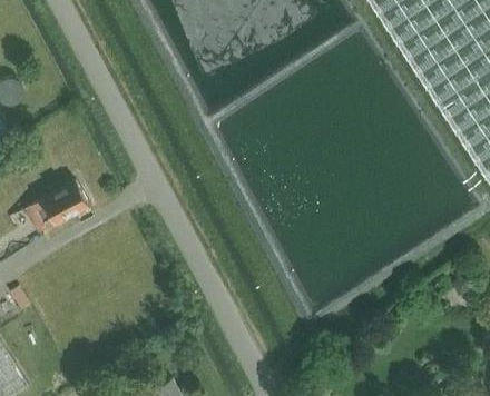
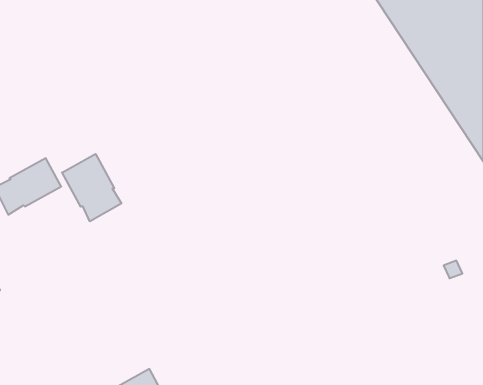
building: none -> [62,154,121,221]

